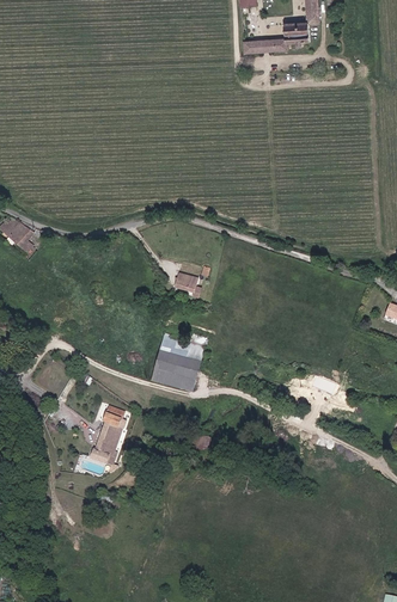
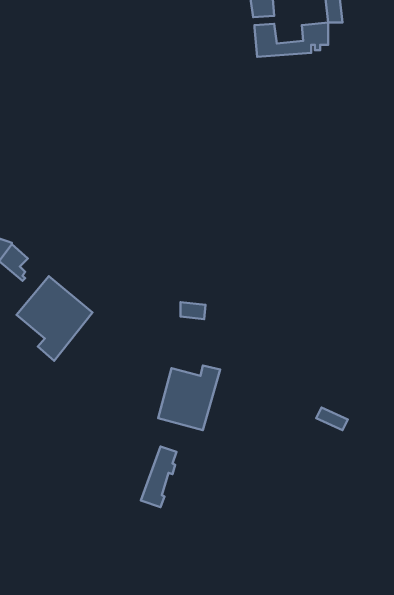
building: none -> [16,276,92,361]
building: [90,404,122,459] -> [141,446,176,507]

